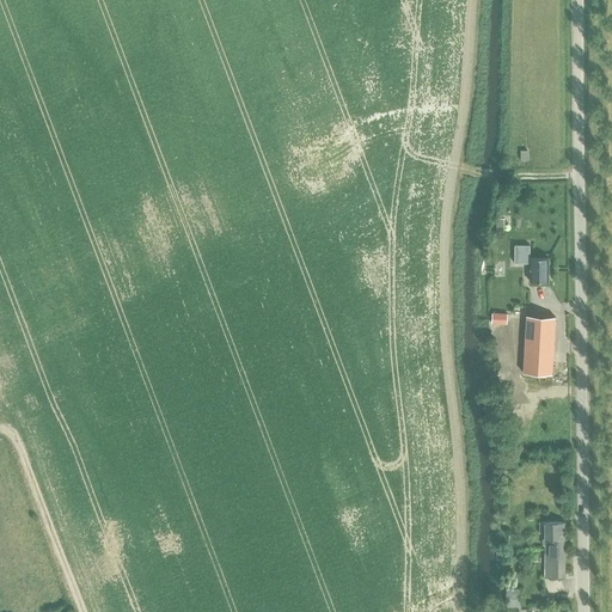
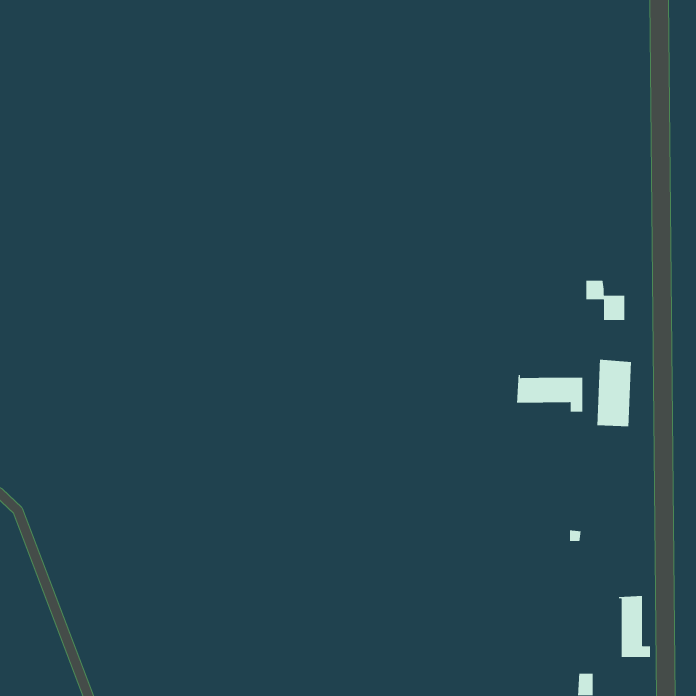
building: none -> [516,374,583,413]

